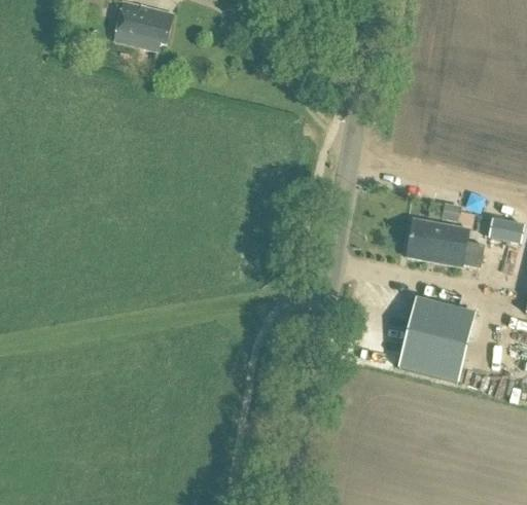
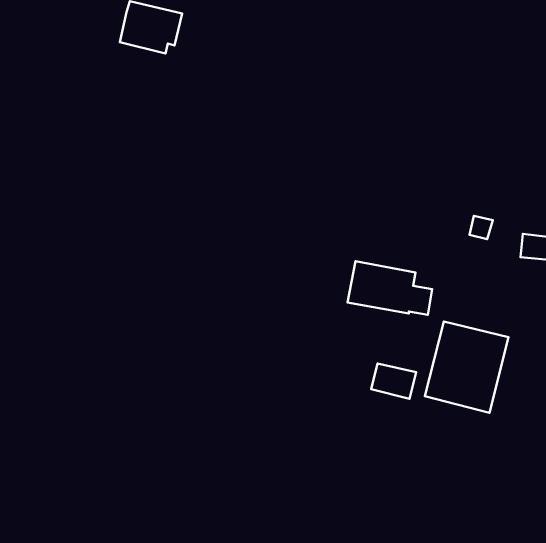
building: [406,218,484,267] -> [348,261,432,315]
building: none -> [371,364,416,399]

